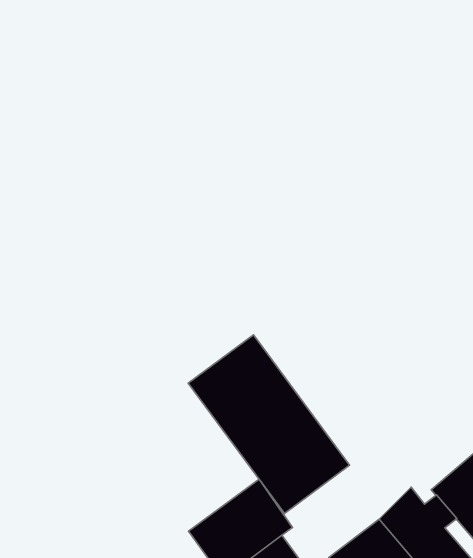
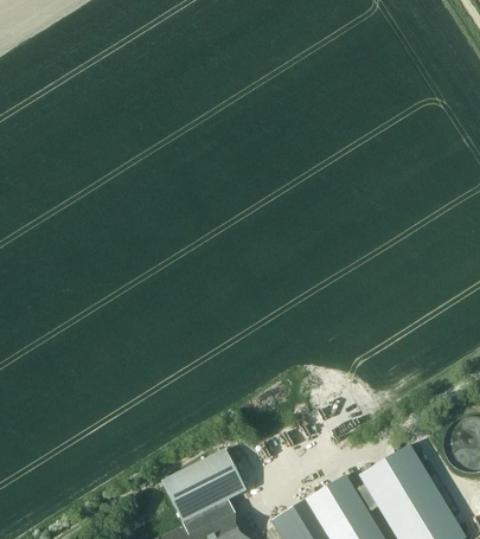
building: [188,335,349,514] -> none

